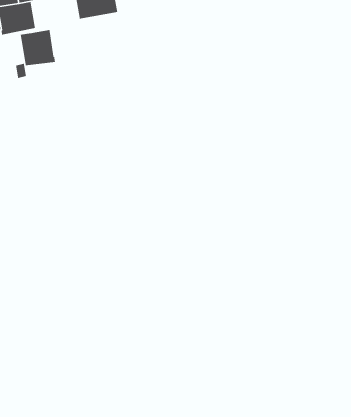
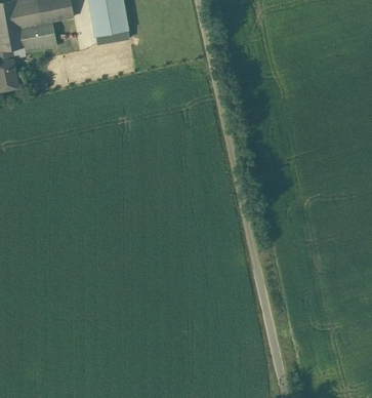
building: [20,29,56,66] -> none

